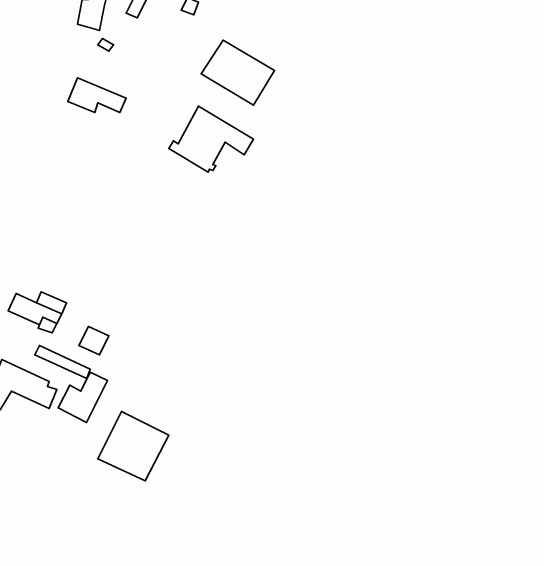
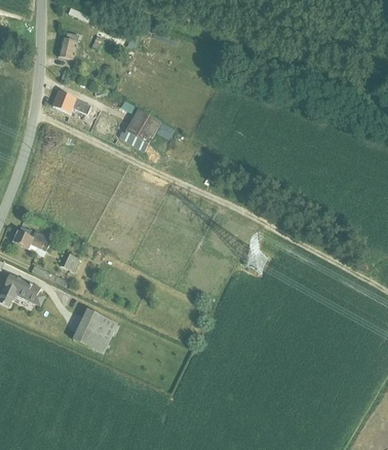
building: [201,40,274,105] -> none
building: [58,372,108,422] -> none

